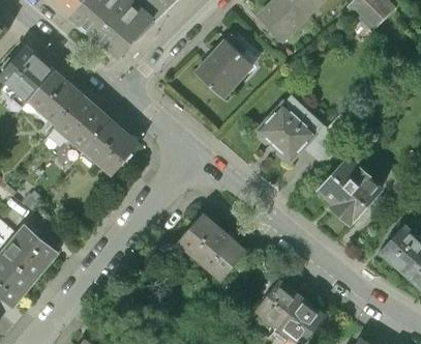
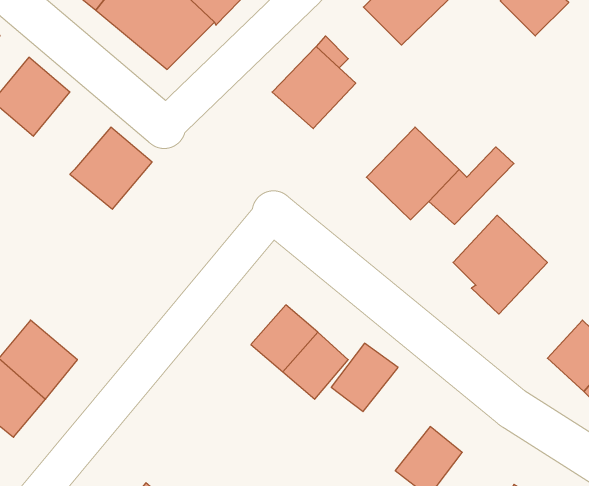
building: [30,70,83,123] -> none
building: [84,118,140,175] -> none
building: [254,282,300,328] -> [331,343,398,412]

